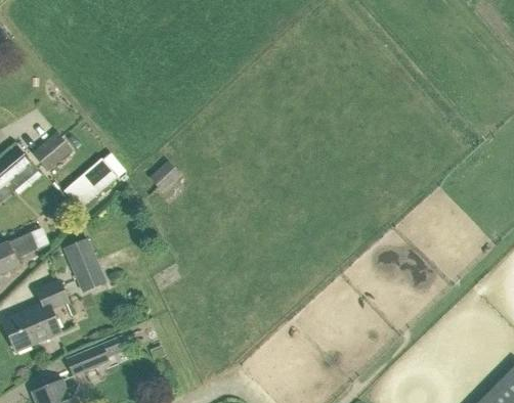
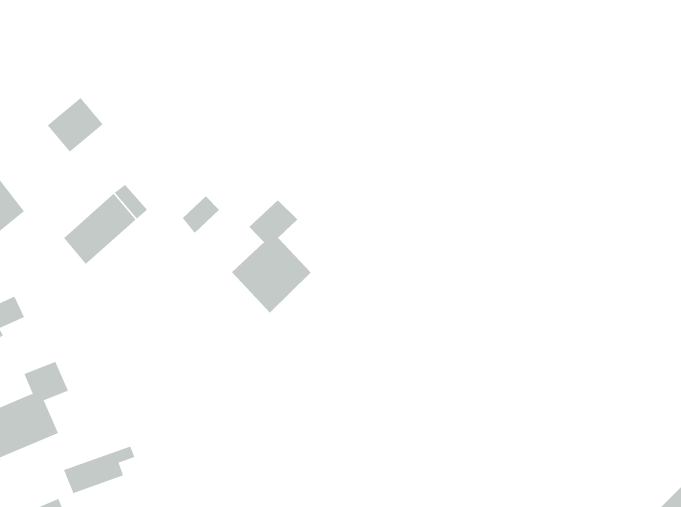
building: [32,131,73,171] -> [47,97,103,152]
building: none -> [231,200,312,313]
building: [65,238,104,292] -> none

